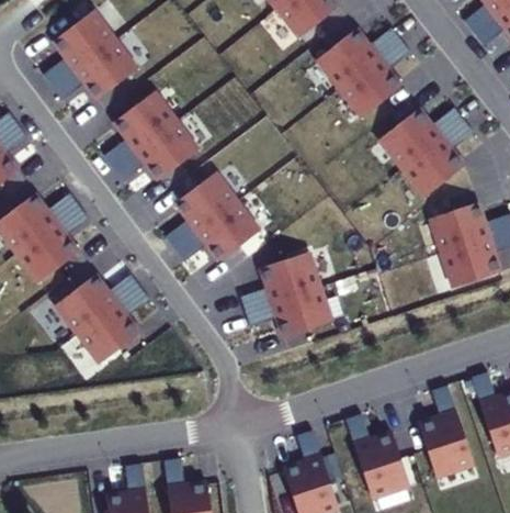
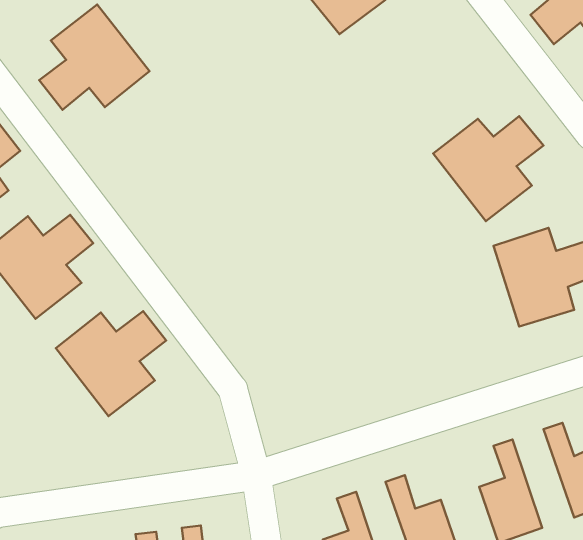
building: [317,27,411,118] -> none
building: [104,92,199,182] -> none
building: [166,174,260,264] -> none
building: [239,253,330,337] -> none

